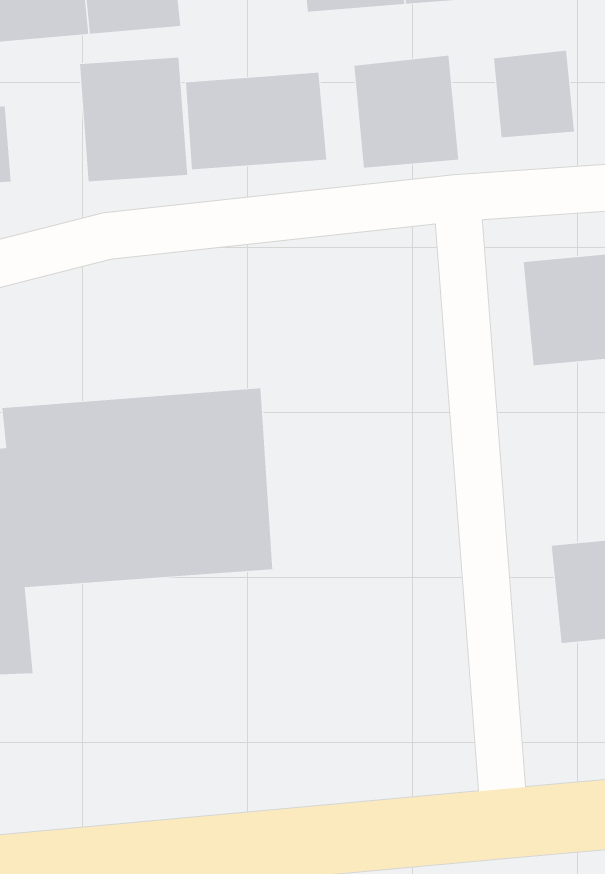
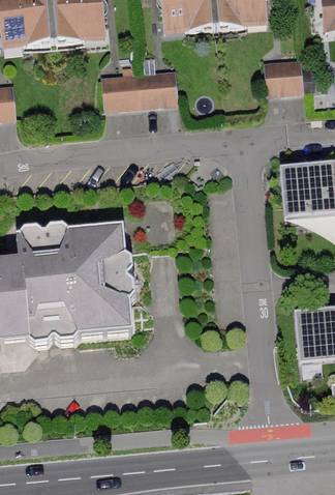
building: [354,55,459,169] -> none
building: [79,57,188,182] -> none

